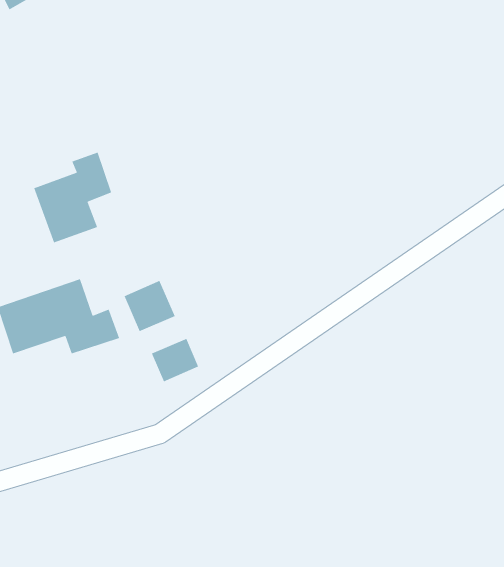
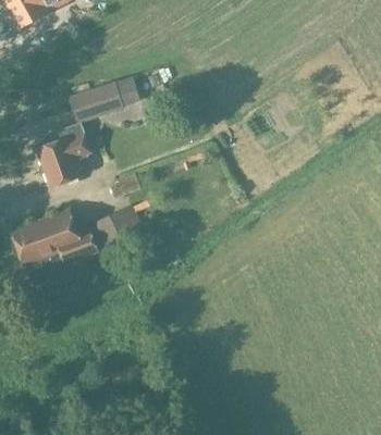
building: none -> [70,77,140,122]
building: [151,338,199,382] -> none

